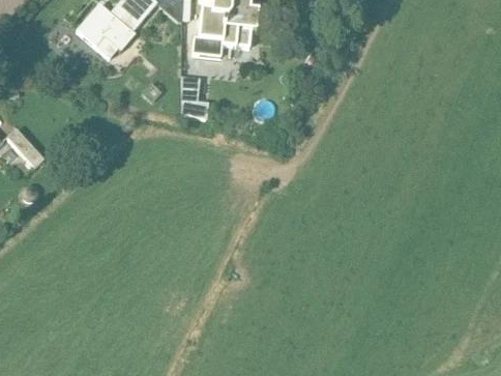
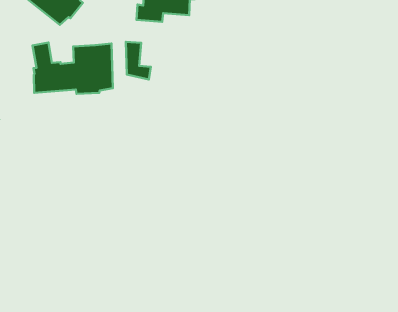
building: none -> [32,43,113,94]

